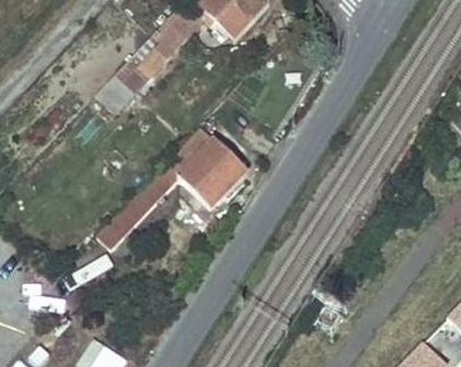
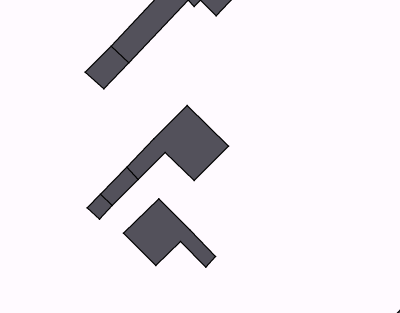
building: none -> [124,199,215,267]

